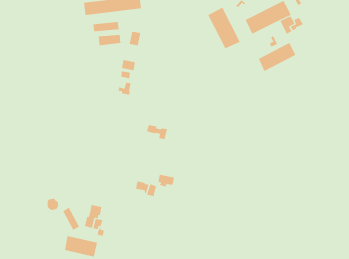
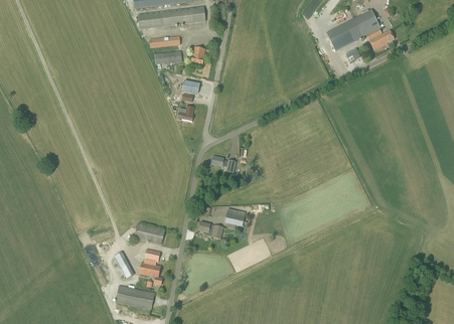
building: [207,7,241,49] -> none
building: [258,42,296,72] -> none
building: none -> [134,222,165,244]

